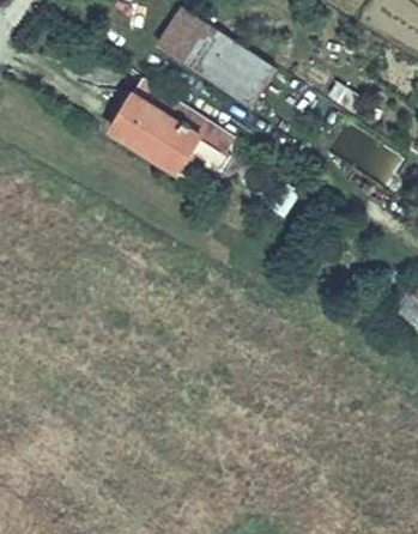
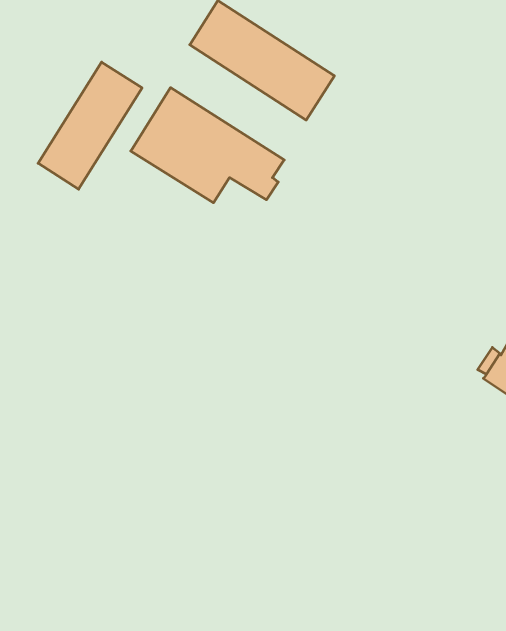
building: none -> [38,62,142,189]

